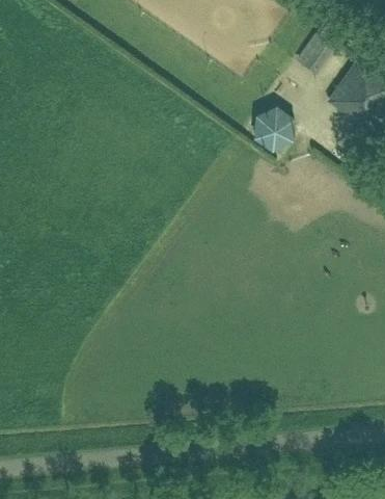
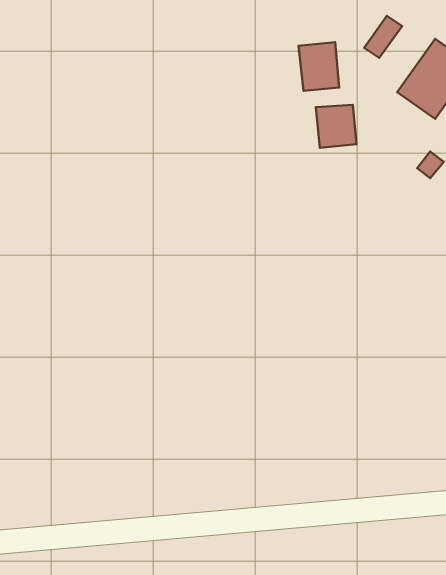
building: none -> [298,42,339,91]

